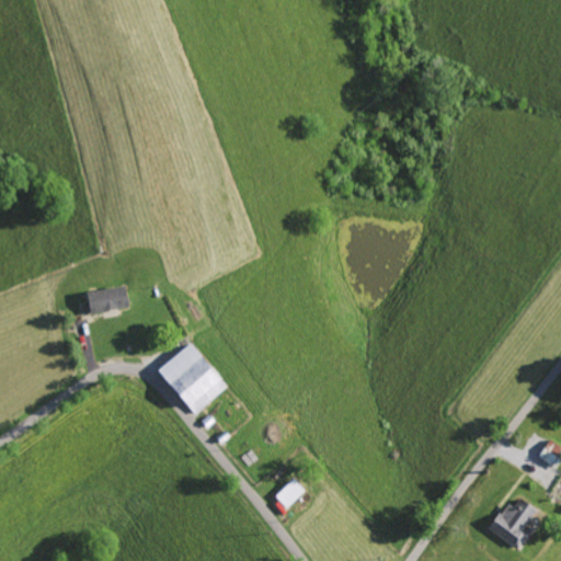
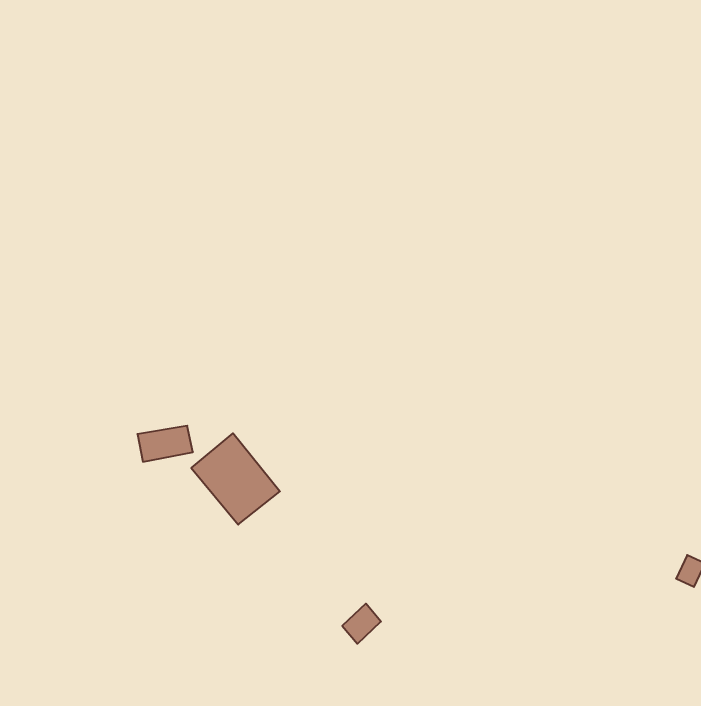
building: [87,285,130,313] -> [137,426,193,462]
building: [490,499,537,546] -> none

